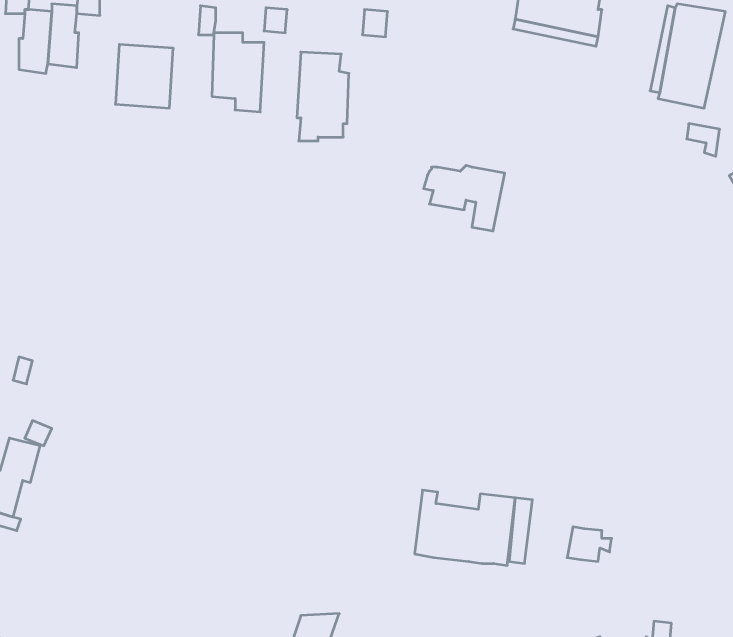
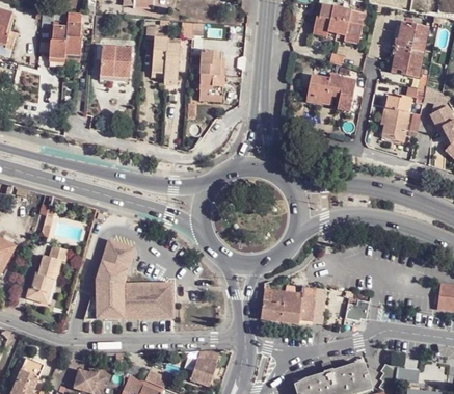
building: none -> [382,96,410,142]
building: [424,165,505,231] -> [313,75,356,110]
building: none -> [83,238,172,318]

